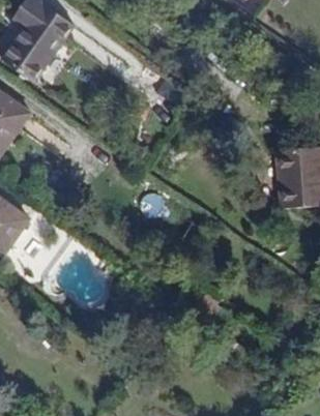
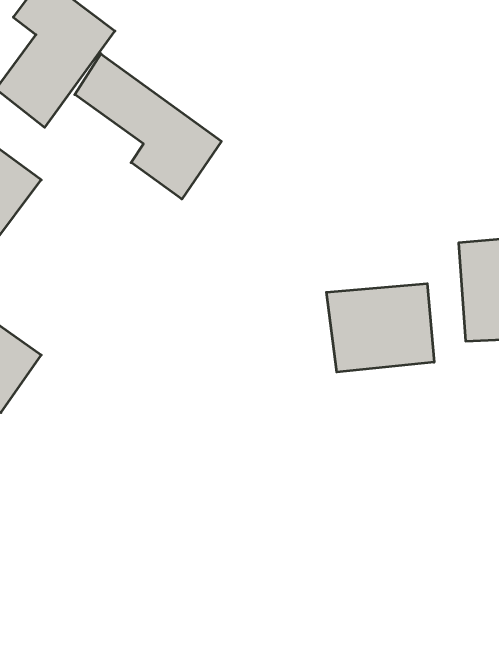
building: none -> [75,54,221,199]
building: none -> [326,284,434,372]

